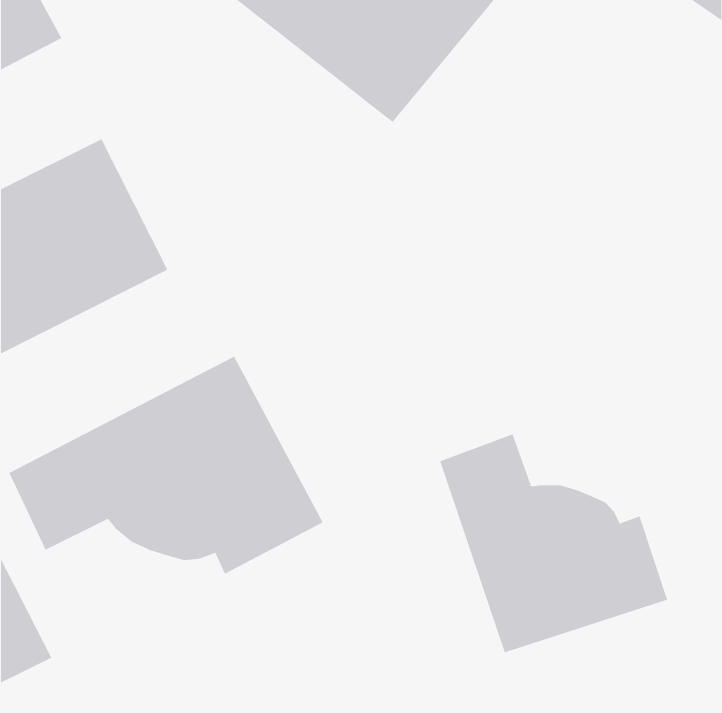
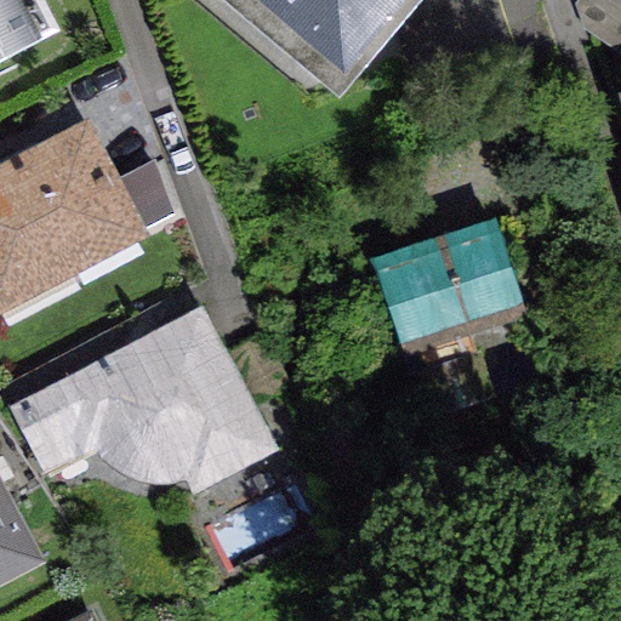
building: none -> [368,222,525,360]
building: [440,433,668,653] -> none

